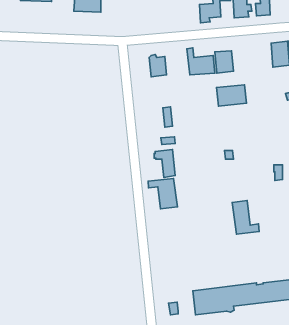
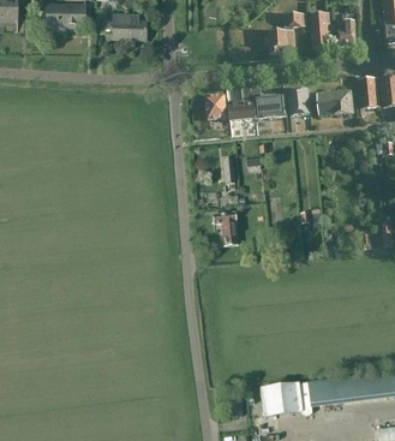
building: none -> [227,85,256,121]
building: [216,85,246,106] -> [316,89,353,115]
building: [148,178,177,209] -> none
building: [232,201,259,234] -> none

